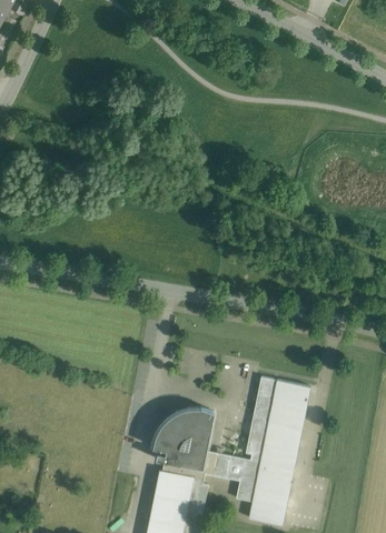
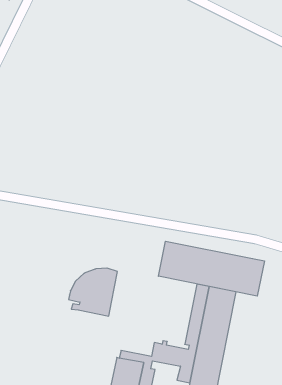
building: none -> [158,241,264,296]
building: [152,408,215,469] -> [69,268,117,316]

